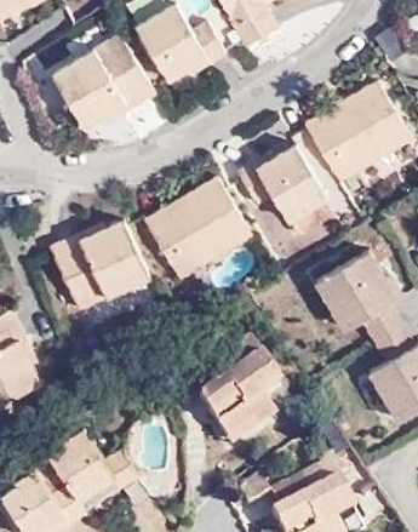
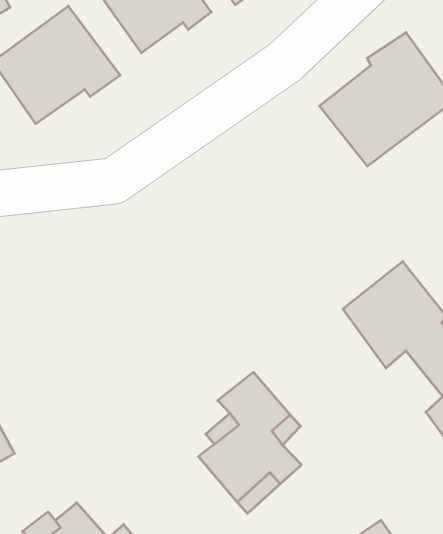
building: [239,149,327,223] -> none
building: [150,182,251,280] -> none
building: [48,219,150,309] -> none

